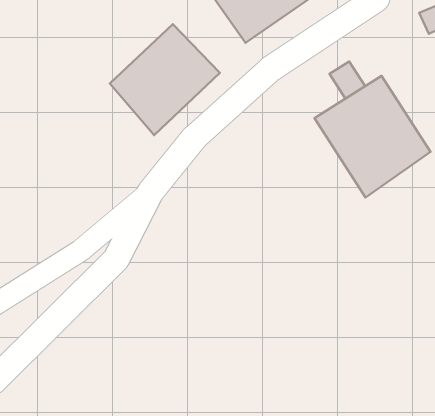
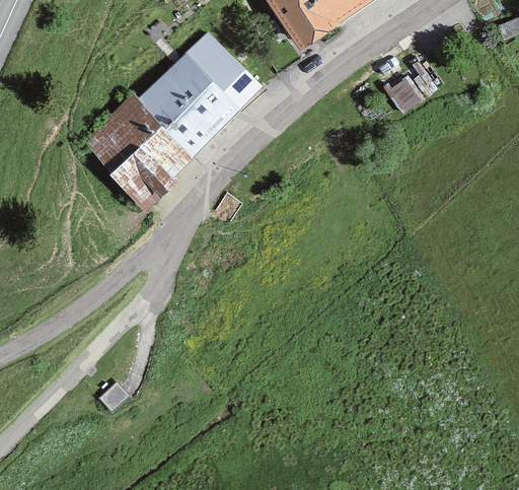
building: [315,76,430,197] -> none
building: none -> [88,88,192,212]

